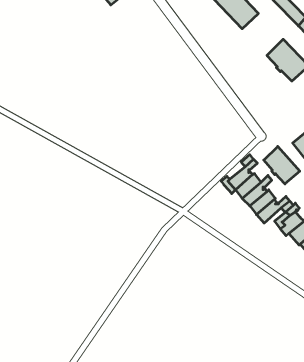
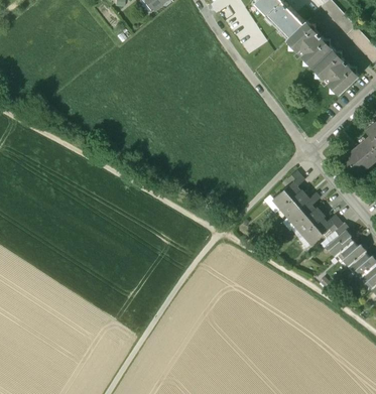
building: none -> [288,22,332,67]
building: [264,146,300,184] -> none

